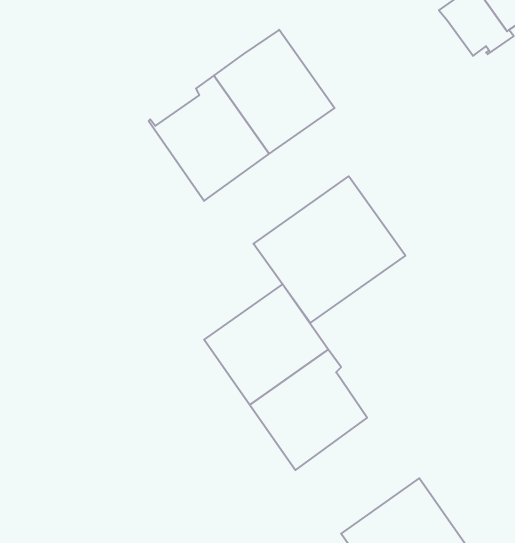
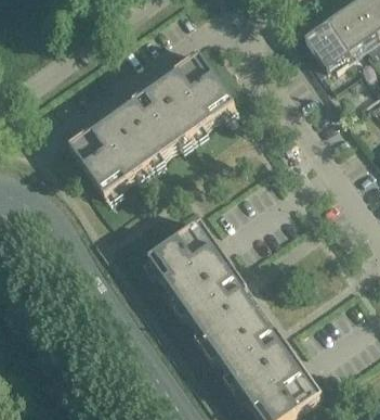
building: none -> [68,112,148,195]
building: [253,176,405,323] -> none
building: none -> [209,309,291,386]

